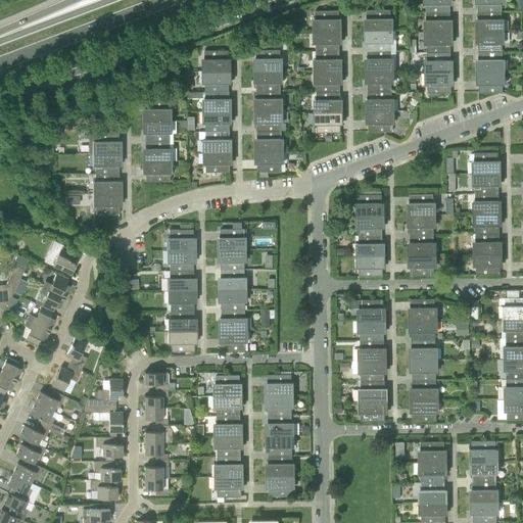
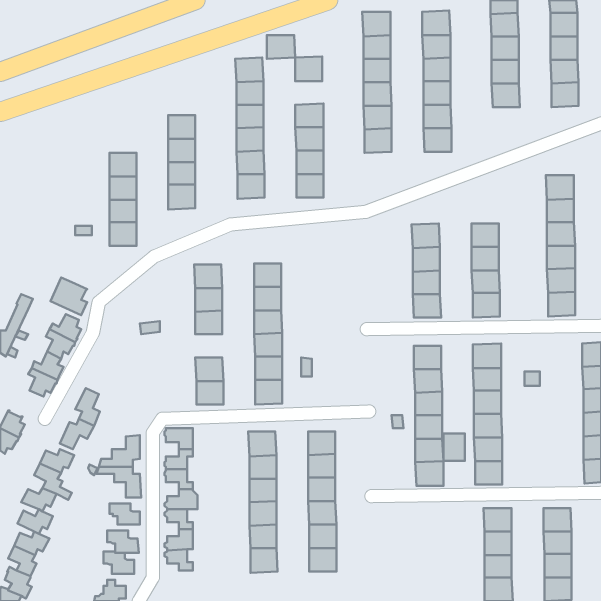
building: [256,70,281,91] -> [267,35,295,59]
building: [170,290,193,311] -> none
building: none -> [443,433,465,461]

